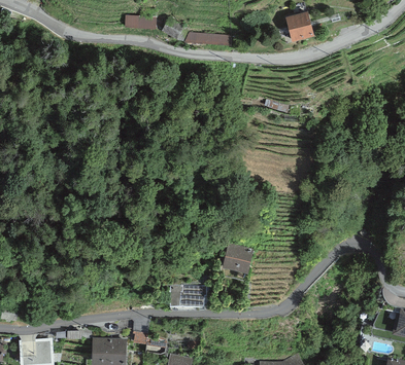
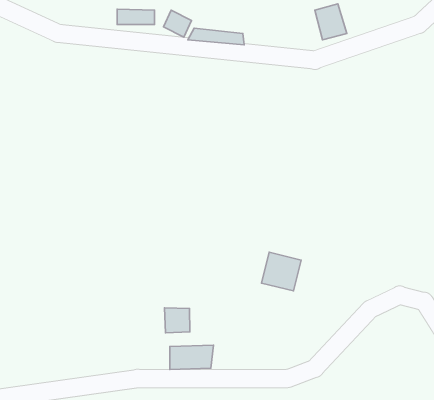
building: [222,244,254,275] -> [261,252,301,291]
building: none -> [165,308,190,333]

